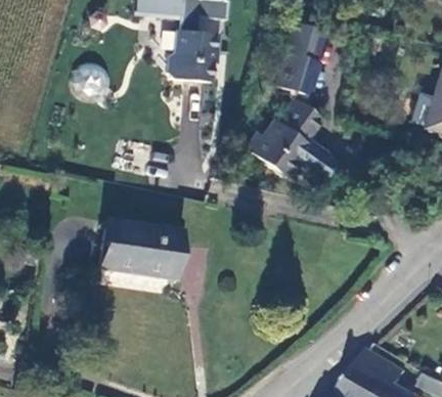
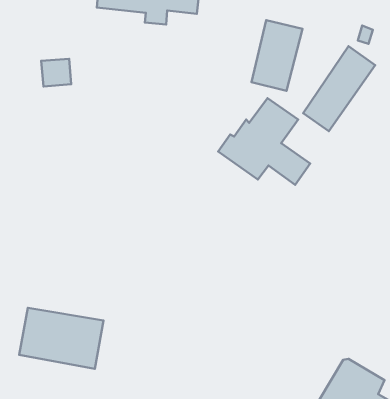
building: [162,27,215,84] -> none
building: none -> [303,46,375,131]
building: [95,219,176,277] -> [19,308,103,369]

